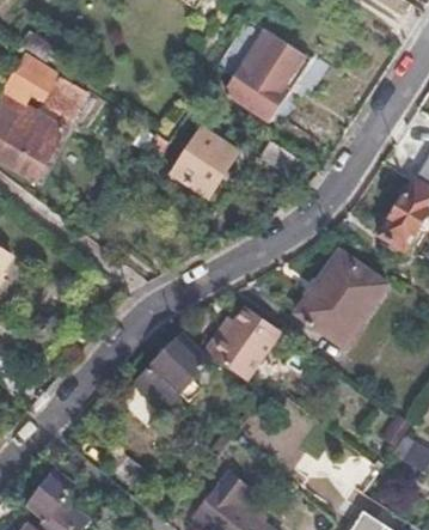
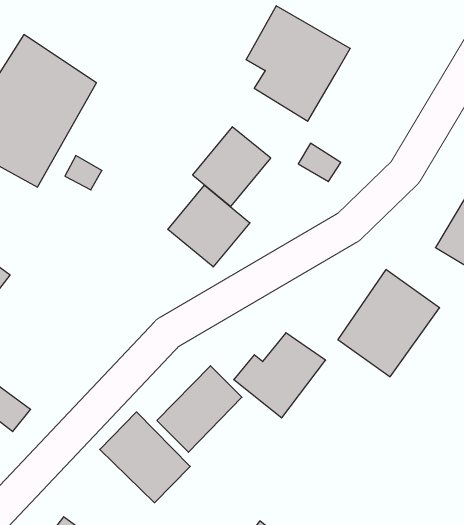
building: none -> [168,185,250,267]
building: none -> [100,412,190,503]

